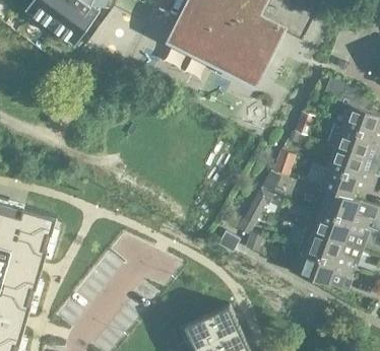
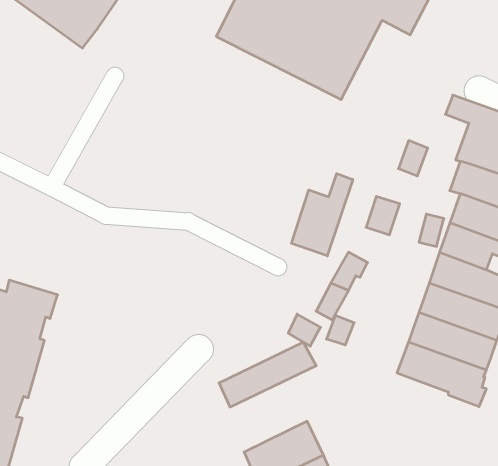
building: none -> [291,174,353,256]
building: none -> [219,342,316,407]

